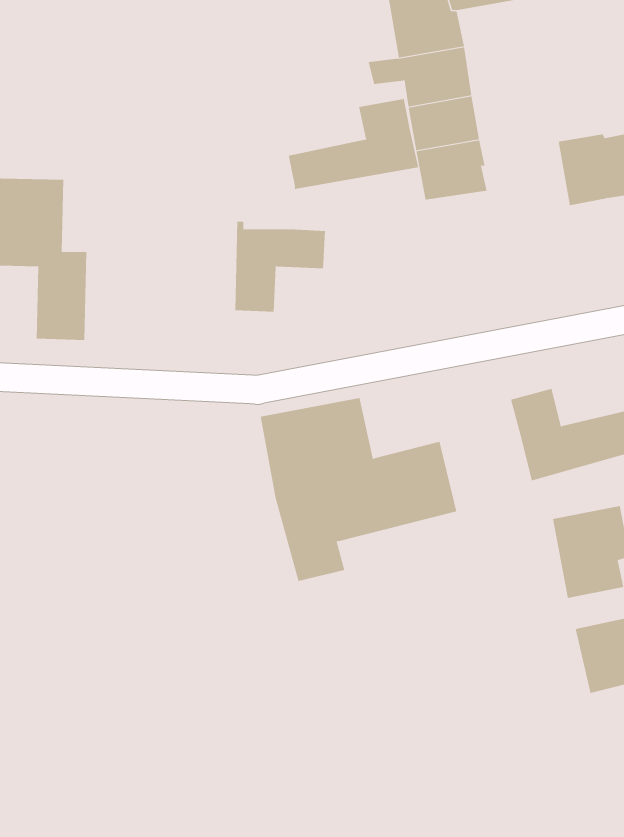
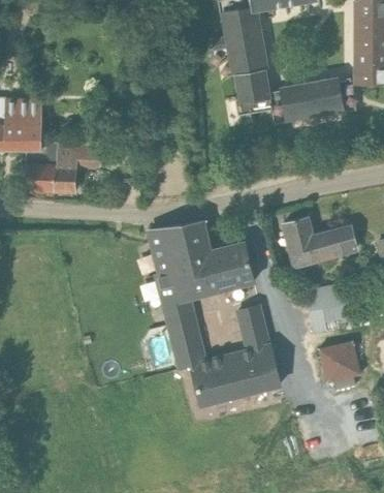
building: [288,98,419,190] -> none
building: none -> [268,82,316,123]
building: [235,221,326,312] -> [53,142,102,191]
building: none -> [165,303,282,407]

